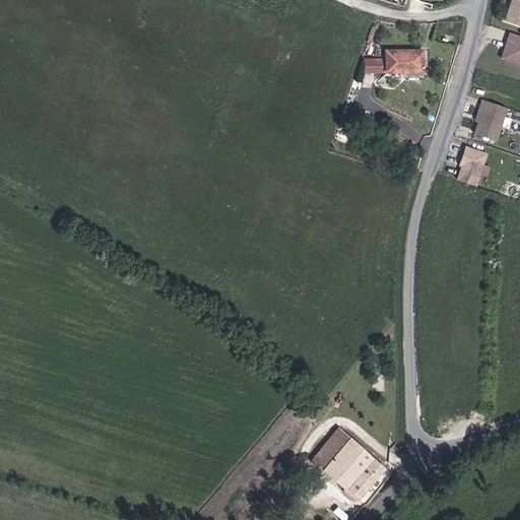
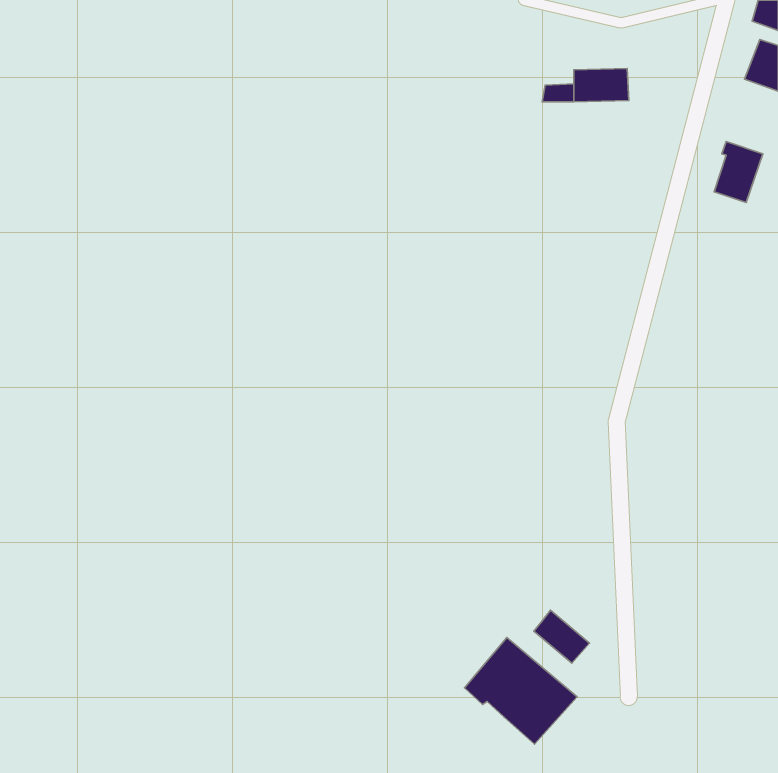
building: [461,146,491,185] -> none
building: none -> [534,610,589,663]

